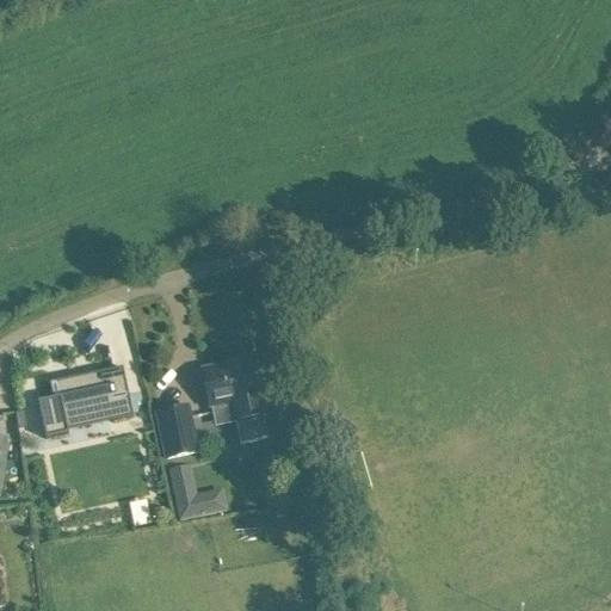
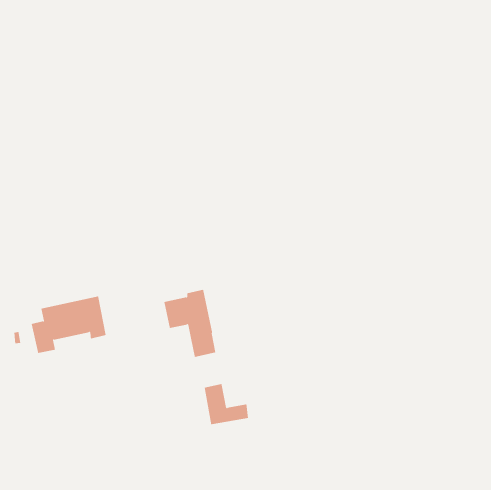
building: [155,405,200,461] -> none
building: [168,462,224,513] -> [204,383,249,425]

